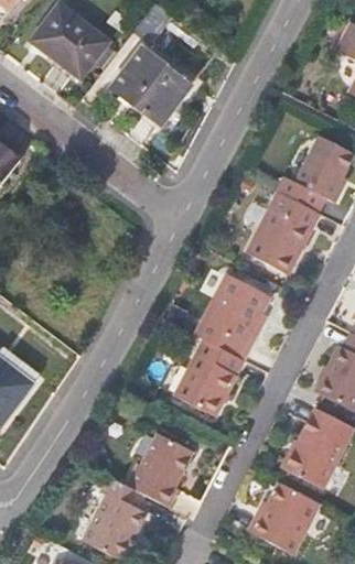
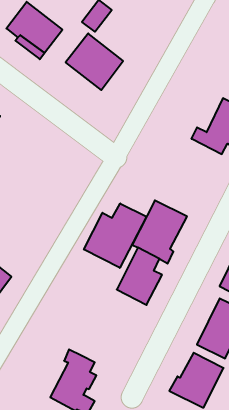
building: [247,189,321,272] -> none
building: none -> [84,203,146,268]
building: [129,432,195,506] -> none

